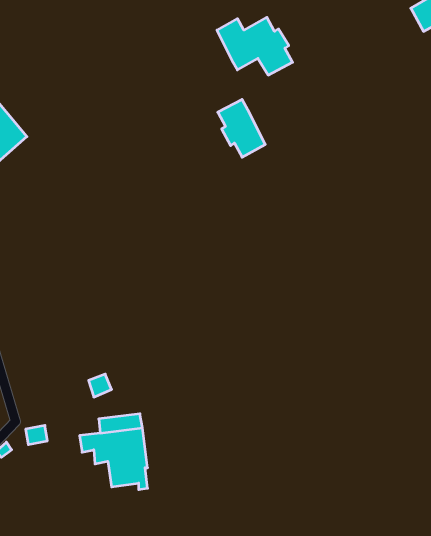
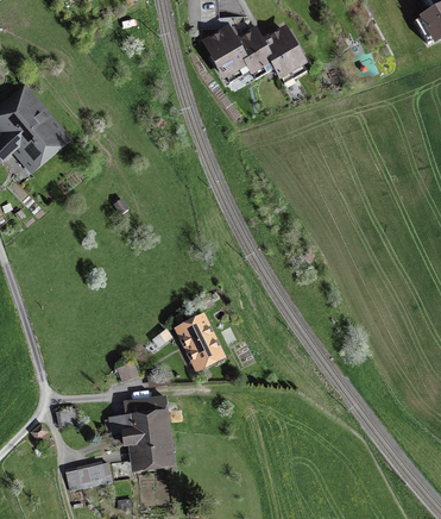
building: [218,99,265,157] -> [206,26,250,80]
building: none -> [178,314,219,364]
building: none -> [65,459,111,487]

